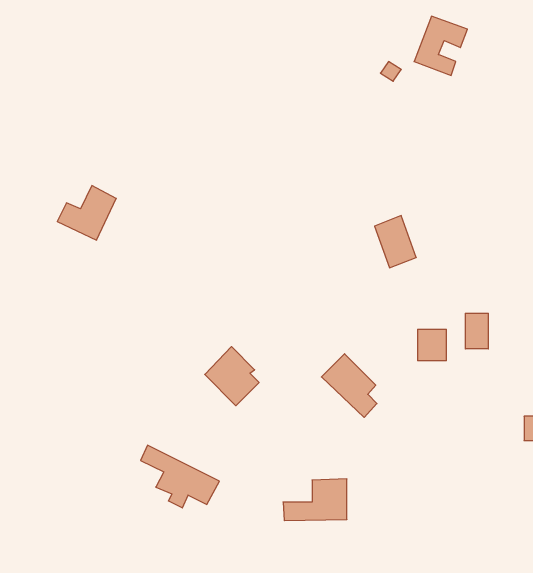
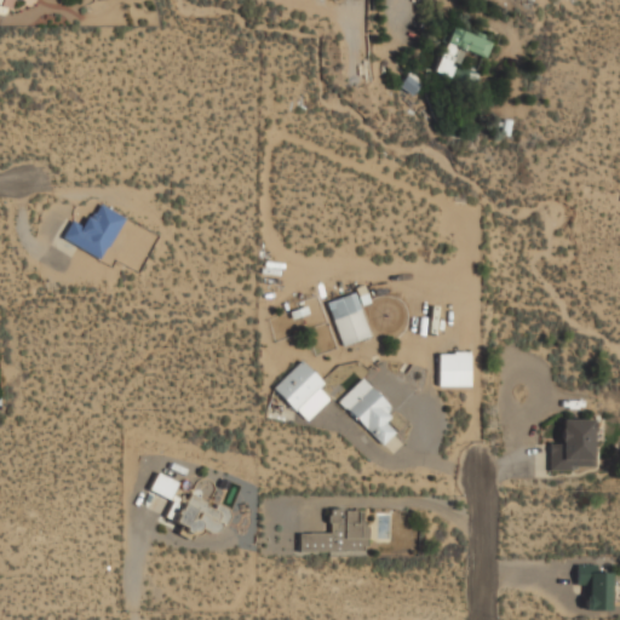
building: [375,216,416,268] -> [329,292,373,346]
building: [465,313,488,349] -> none
building: [205,347,259,406] -> [275,360,332,421]

